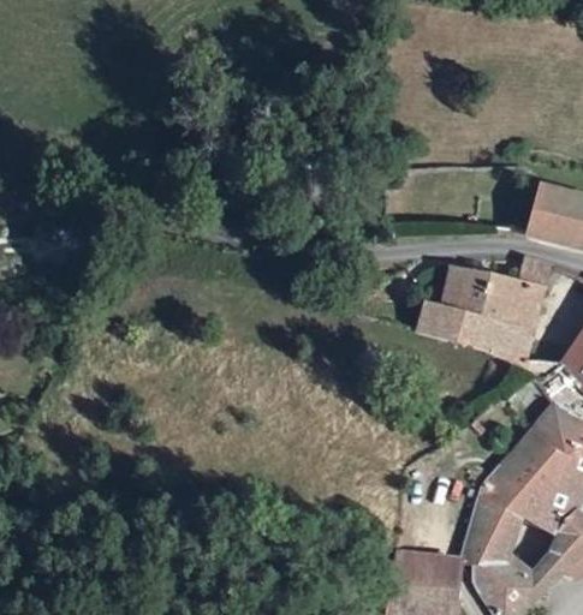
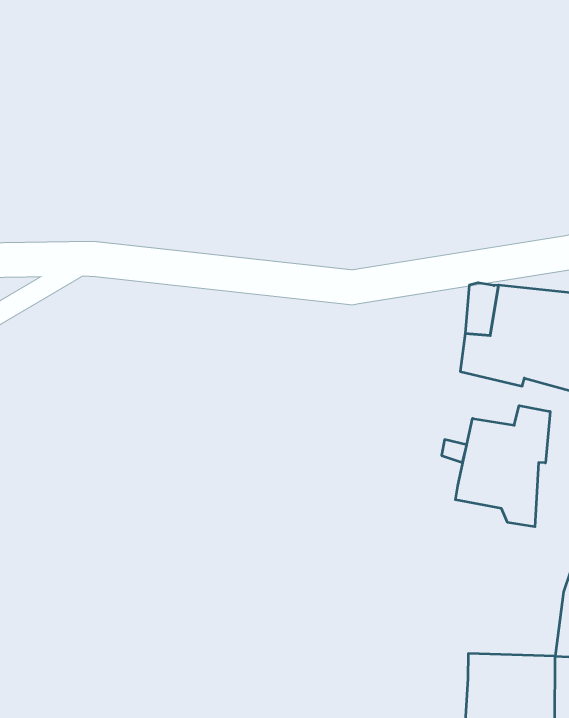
building: none -> [455,406,550,527]

